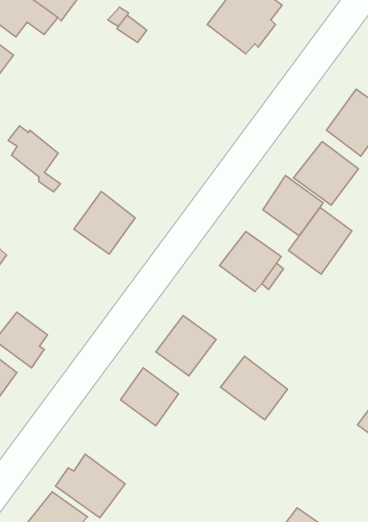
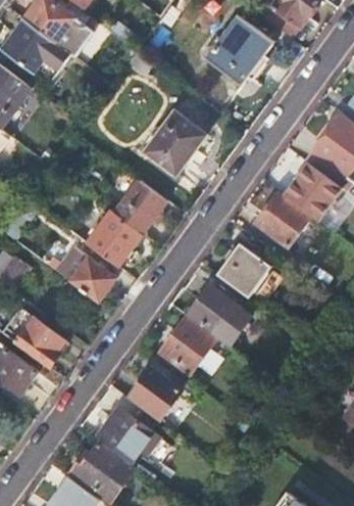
building: none -> [142,110,205,176]
building: [8,126,60,192] -> [69,252,116,312]
building: none -> [113,178,165,232]
building: [289,208,352,274] -> none
building: [220,356,288,420] -> [188,286,248,343]
building: none -> [95,409,172,471]

